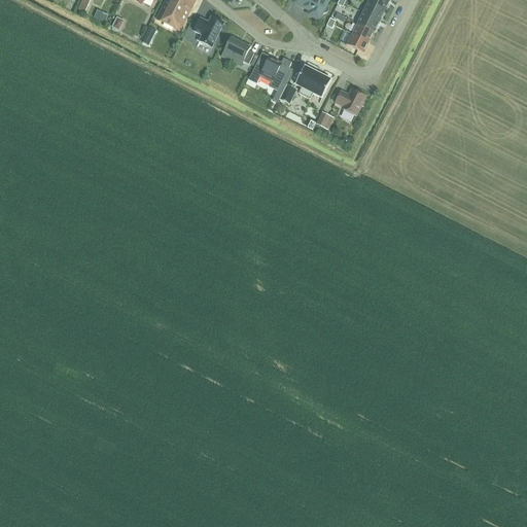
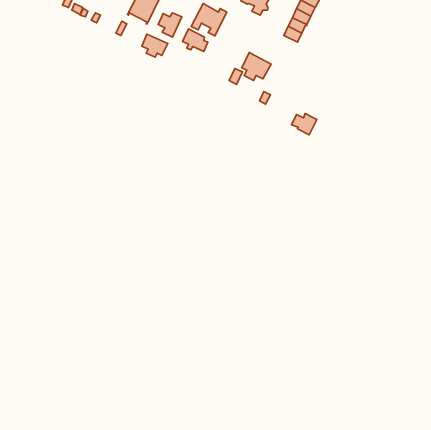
building: none -> [142,34,168,57]
building: [247,50,290,90] -> [191,4,227,36]
building: [333,89,364,114] -> [292,114,317,135]

